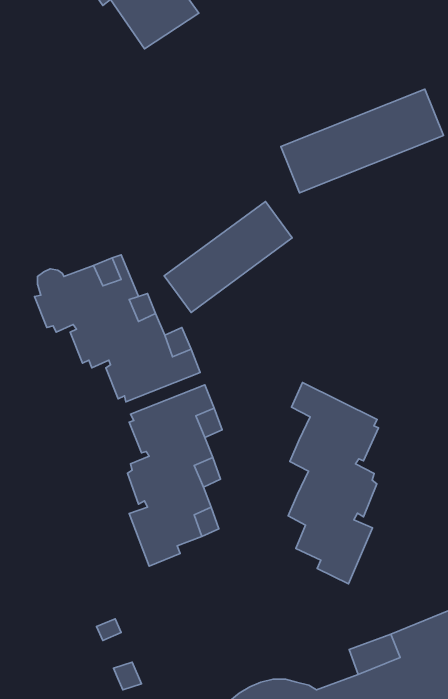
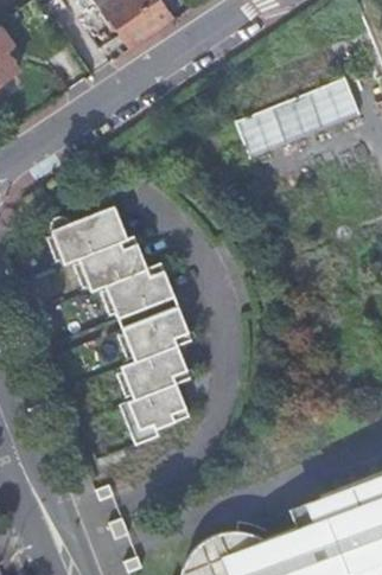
building: [164,201,292,313] -> none
building: [288,382,378,584] -> none

